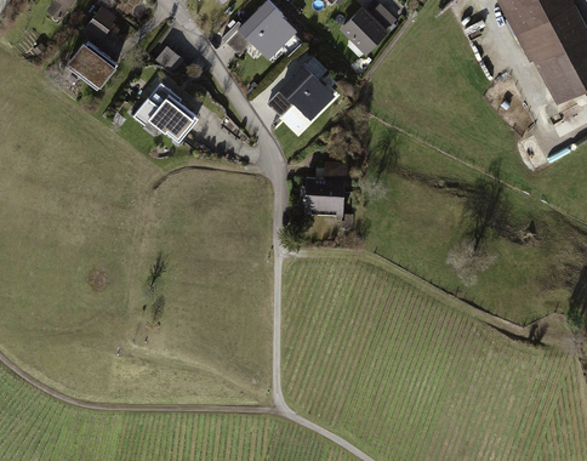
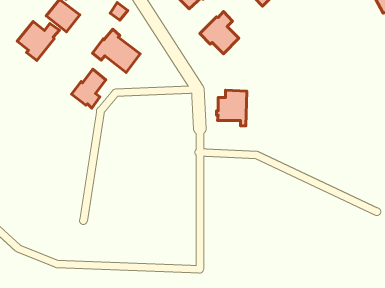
building: none -> [17,22,59,61]
building: none -> [71,69,106,108]

